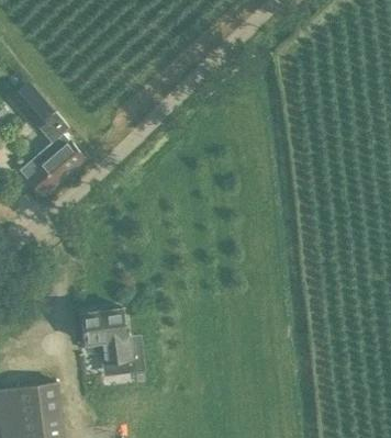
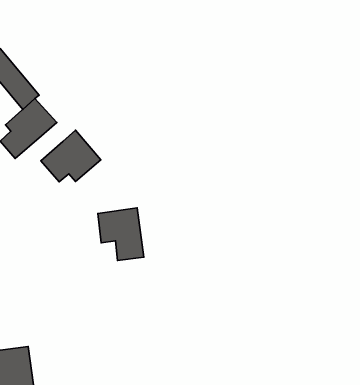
building: none -> [41,130,101,182]
building: [83,312,130,364] -> [98,208,144,260]

